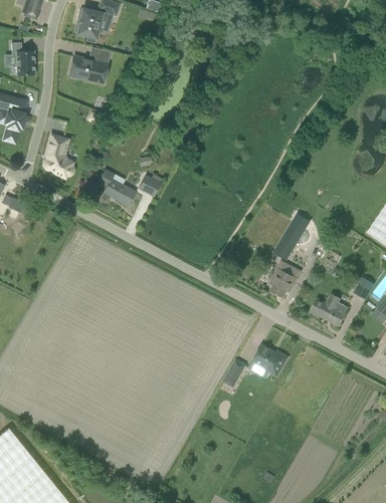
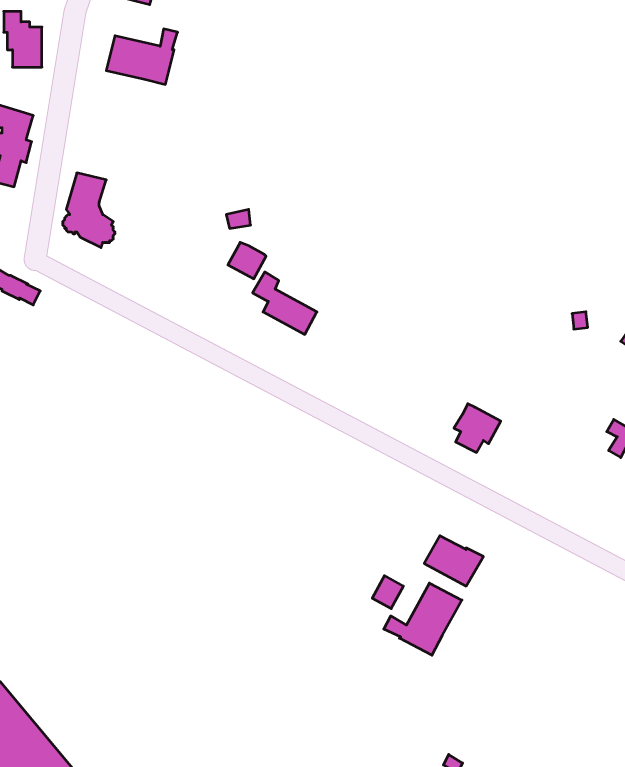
building: [98,169,135,205] -> [253,272,317,334]
building: [273,221,306,260] -> none
building: [310,293,348,325] -> none
building: none -> [384,583,462,655]

